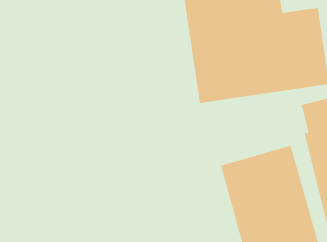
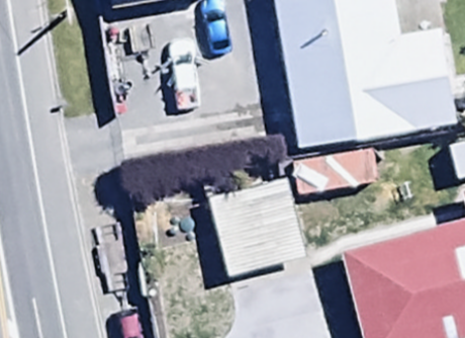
building: none -> [210,177,309,277]

